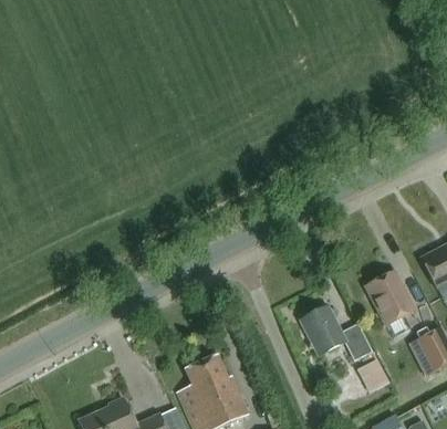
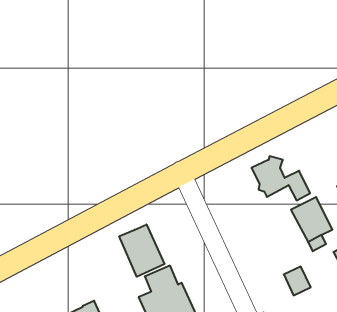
building: none -> [119,224,165,277]
building: [300,305,372,359] -> [251,156,310,200]

